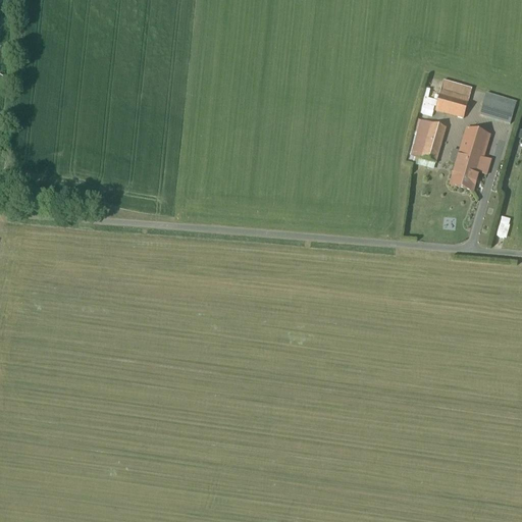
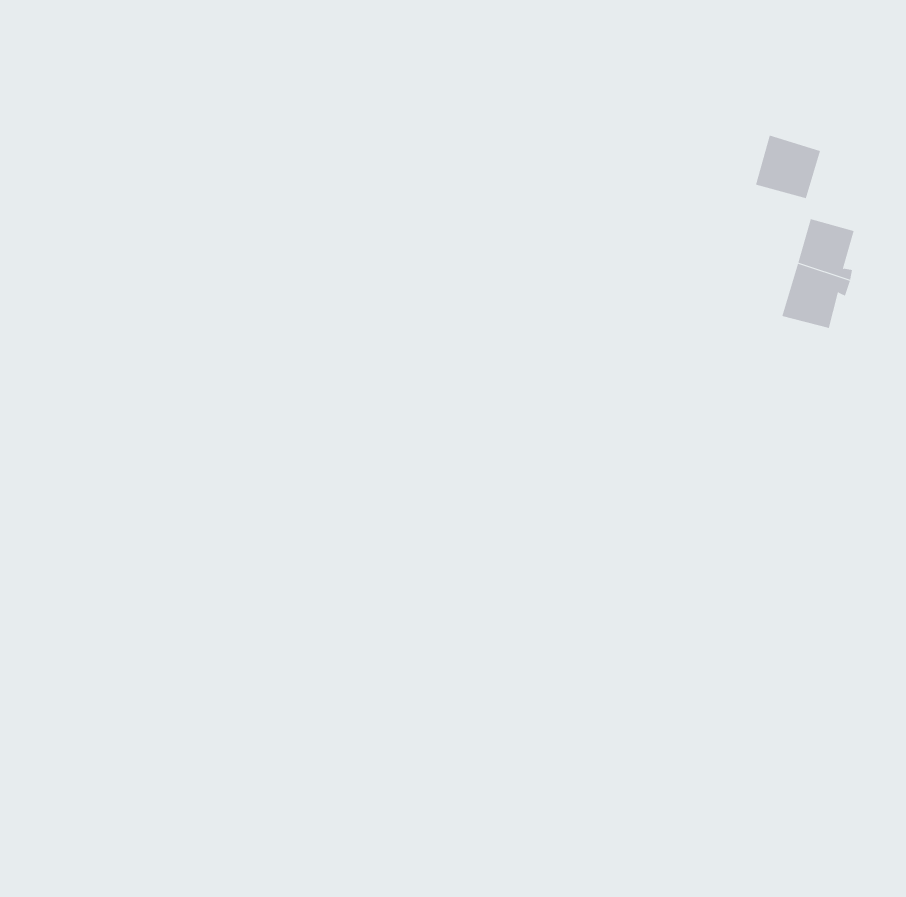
building: [478,91,516,120] -> none
building: [413,118,446,158] -> none

